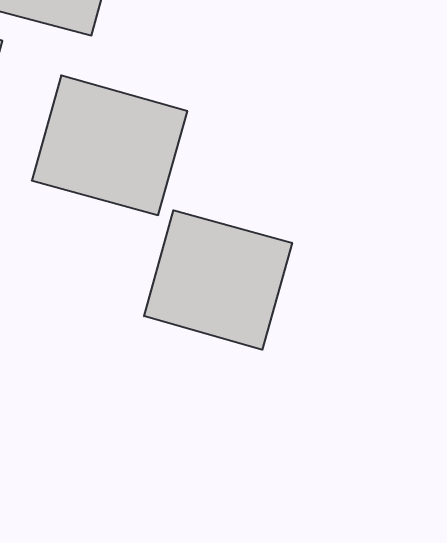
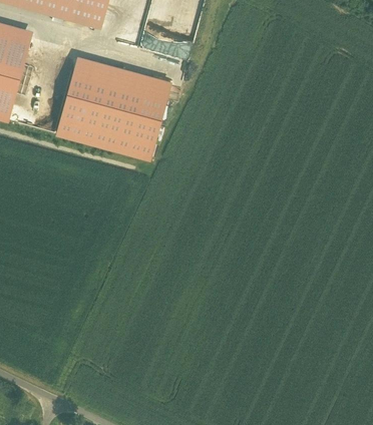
building: [144,210,292,350] -> none

